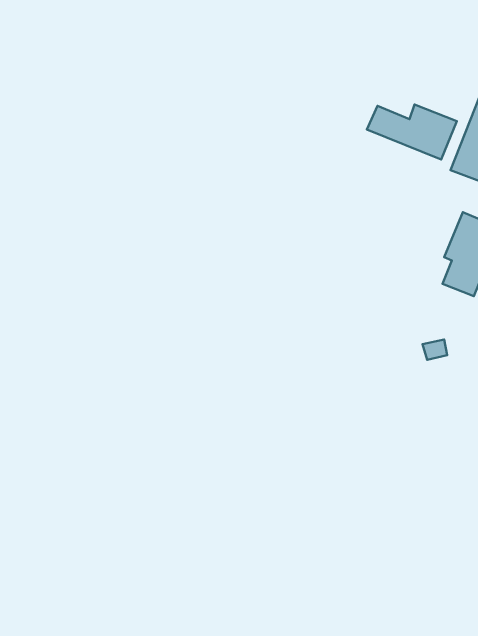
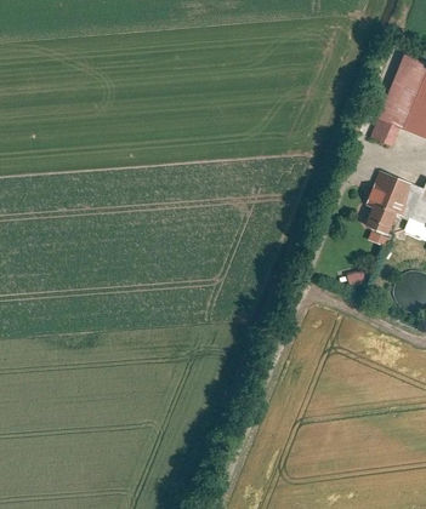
building: [367,105,457,160] -> none

